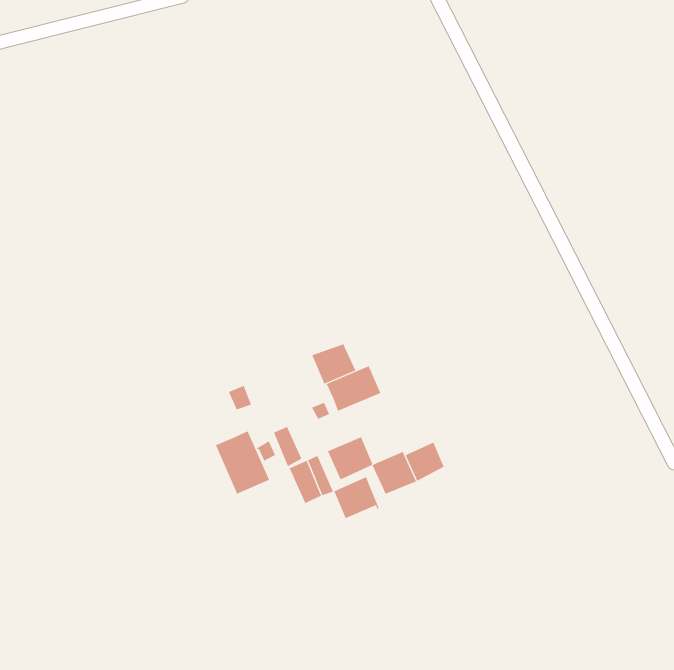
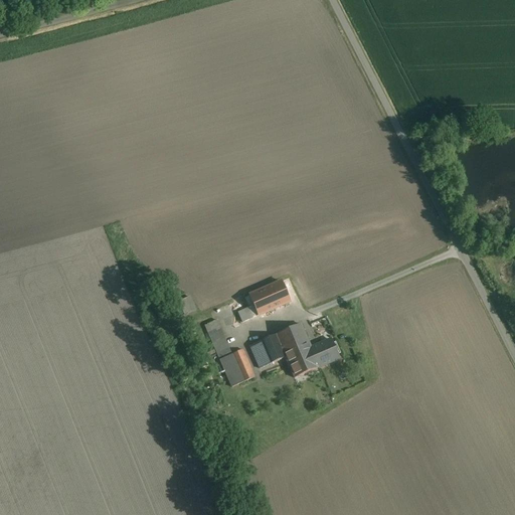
building: [311,344,356,384] -> none
building: [215,430,270,495] -> none
building: [333,477,380,519] -> [276,322,311,354]

